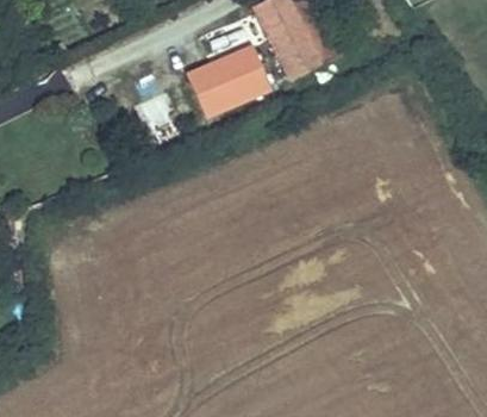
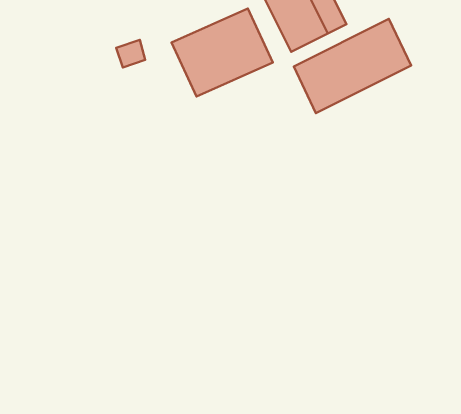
building: none -> [294,19,411,113]

